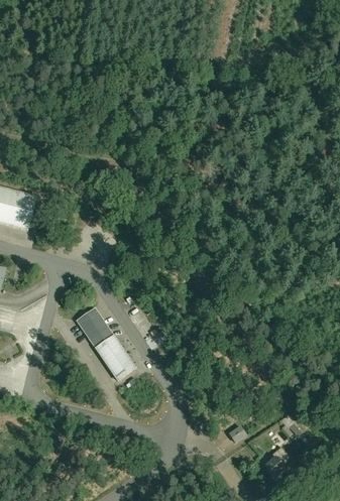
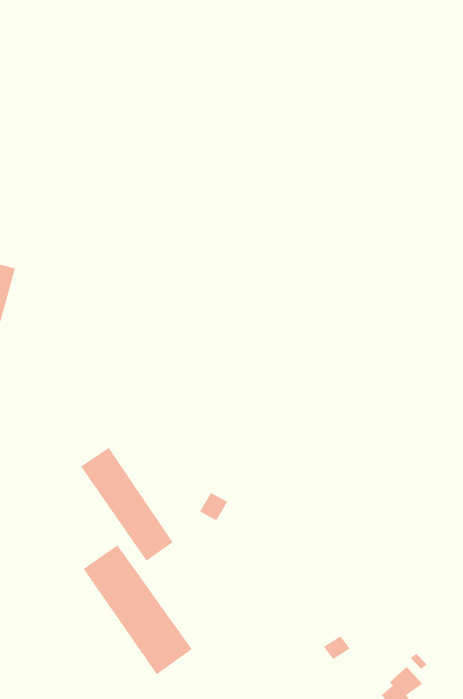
building: none -> [83,545,193,675]

